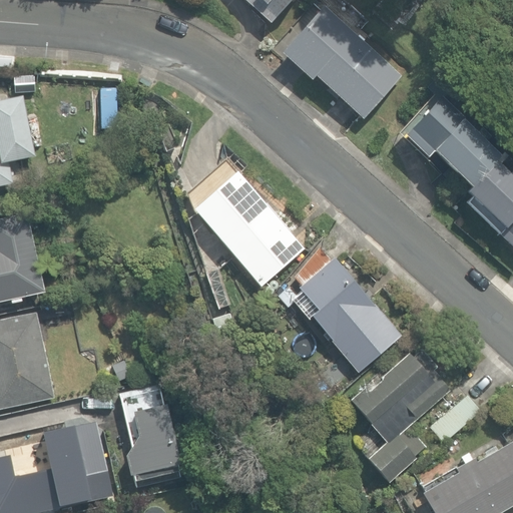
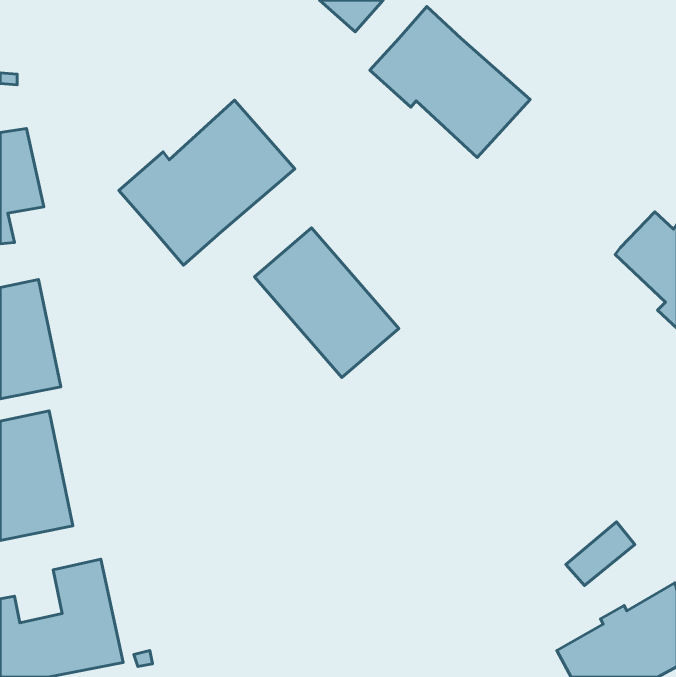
building: none -> [119,100,295,265]
building: [403,94,502,187] -> none
building: [293,245,404,375] -> none
building: [351,349,449,482] -> none
building: [120,388,181,488] -> none

